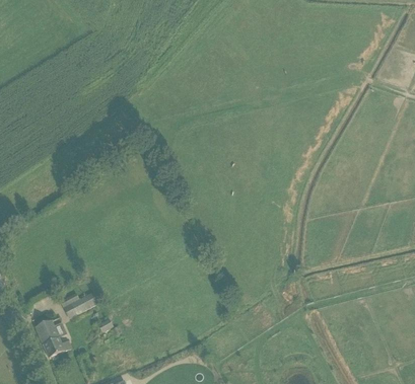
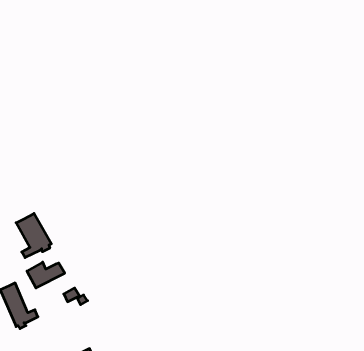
building: none -> [16,213,51,258]

